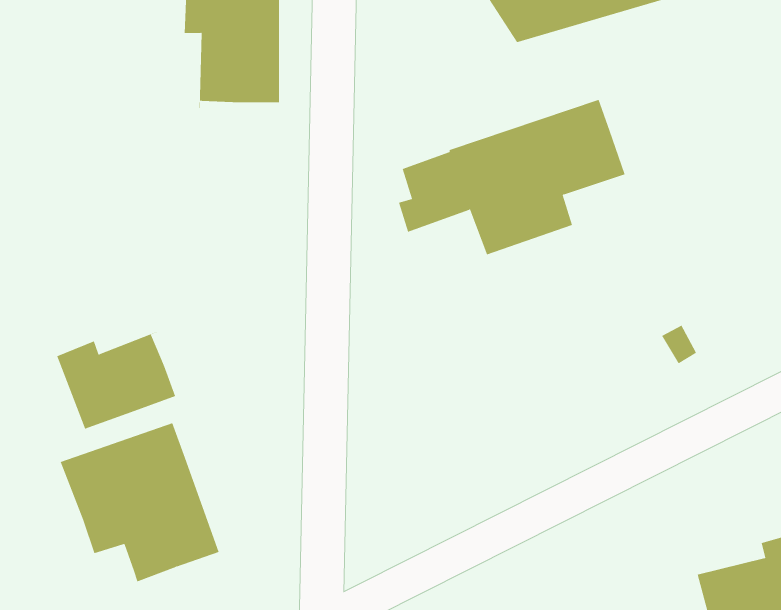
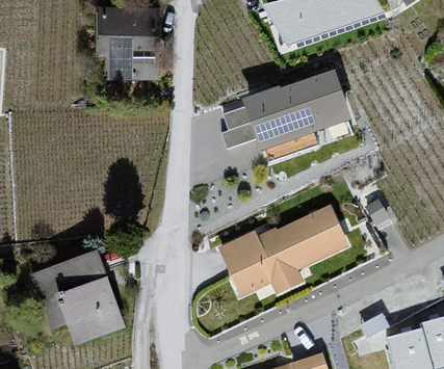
building: [56,331,176,430] -> none
building: none -> [223,207,346,289]

